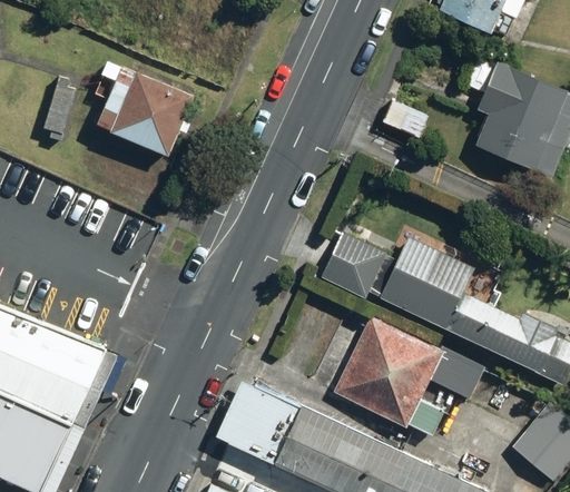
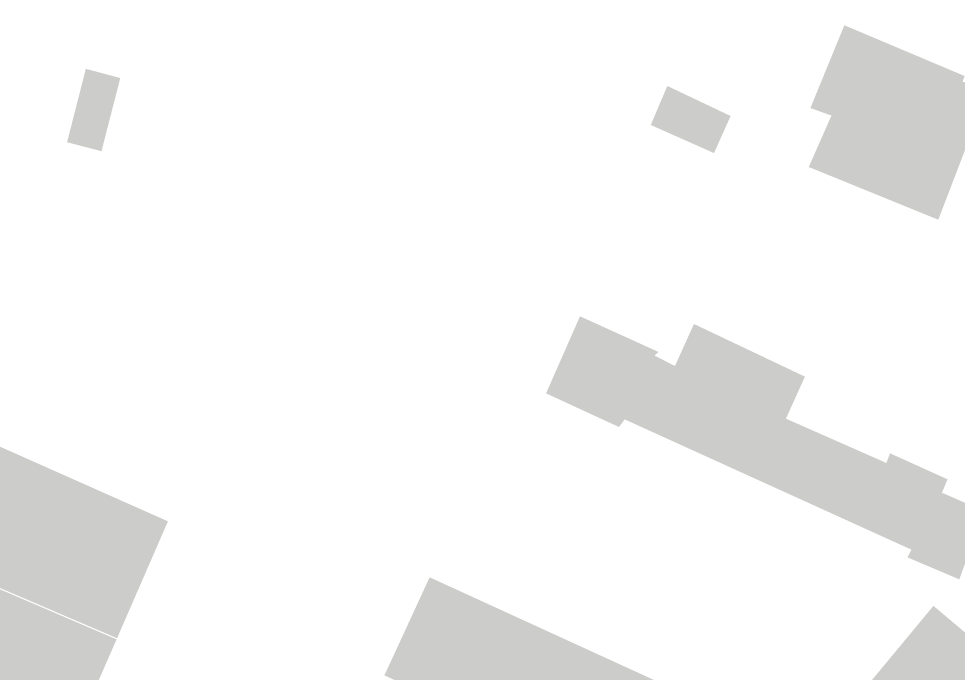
building: [96,66,193,156] -> none
building: [332,317,484,435] -> none

